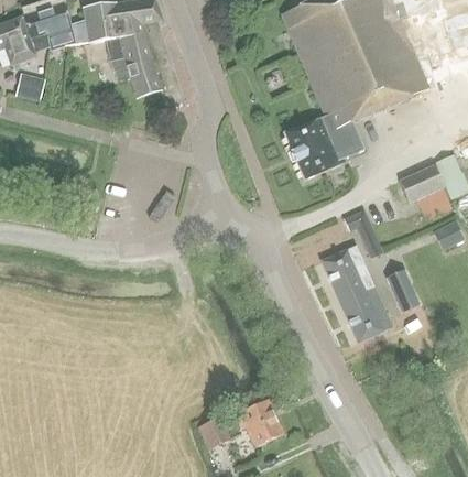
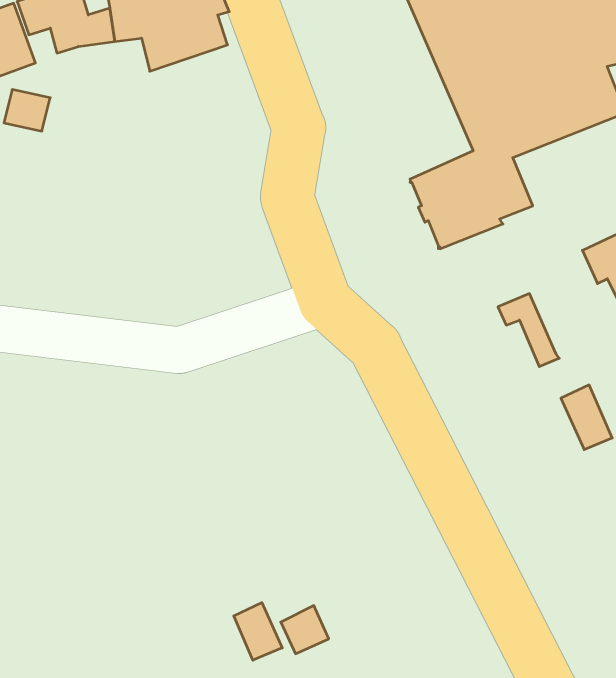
building: [111,43,183,108] -> none
building: [322,243,392,342] -> none
building: [235,398,283,446] -> none
building: none -> [234,603,282,660]

